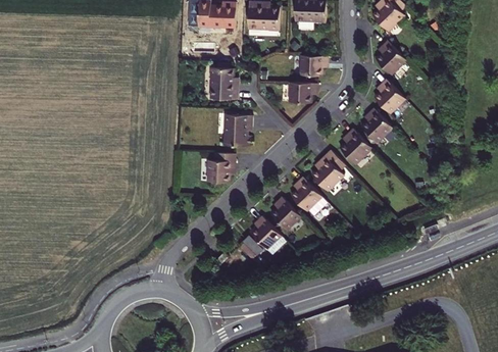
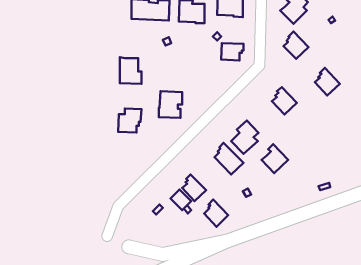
building: [210,67,237,100] -> [120,57,141,84]
building: [374,80,404,113] -> [315,68,340,95]
building: [289,83,316,103] -> none
building: [339,129,371,164] -> [262,144,288,173]
building: [206,153,235,183] -> [118,108,141,133]
building: [270,197,300,231] -> [204,199,228,227]

